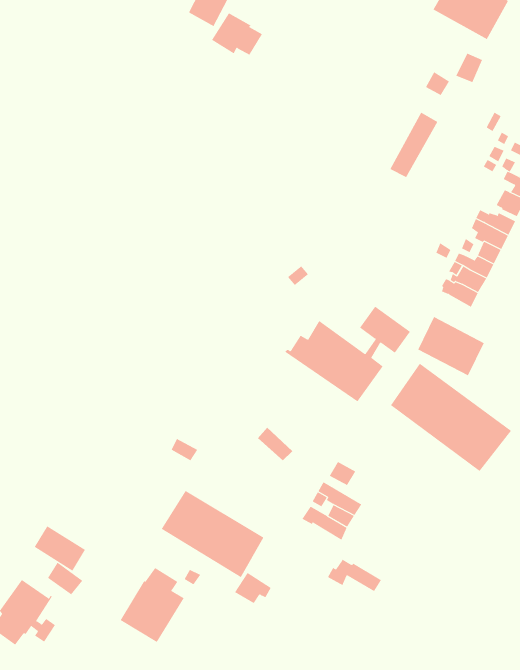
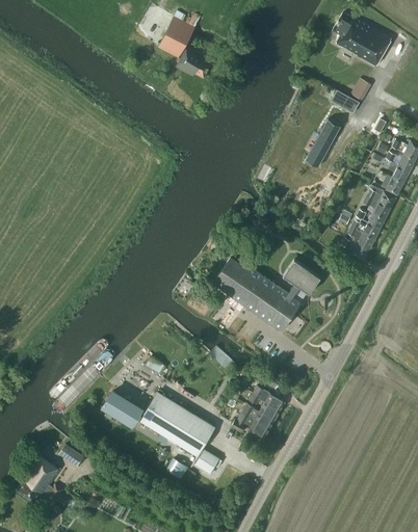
building: none -> [216,258,254,292]
building: [418,316,485,376] -> none
building: [390,363,512,472] -> none
building: [34,525,86,571] -> [103,391,140,424]
building: [327,559,382,592] -> [231,413,270,436]
building: [120,567,184,643] -> none

